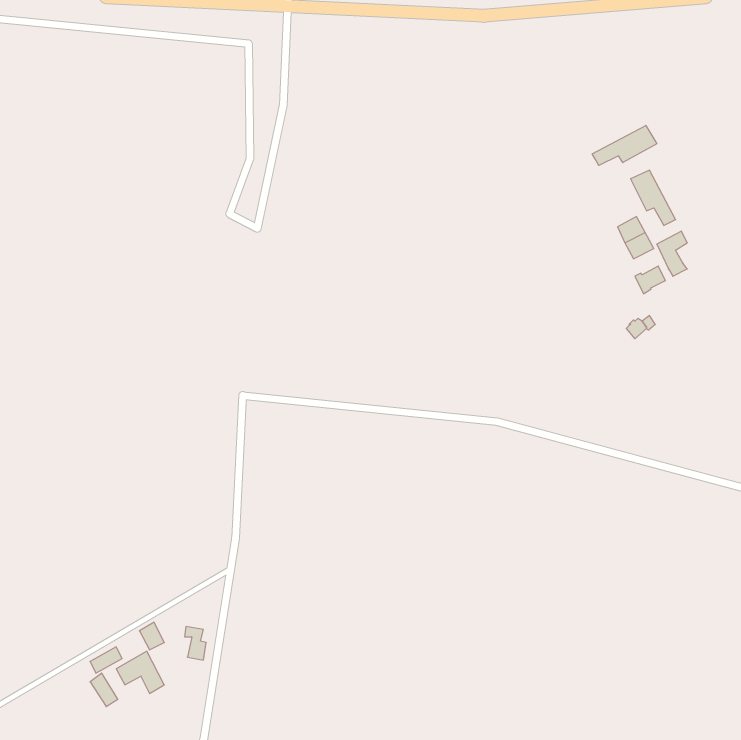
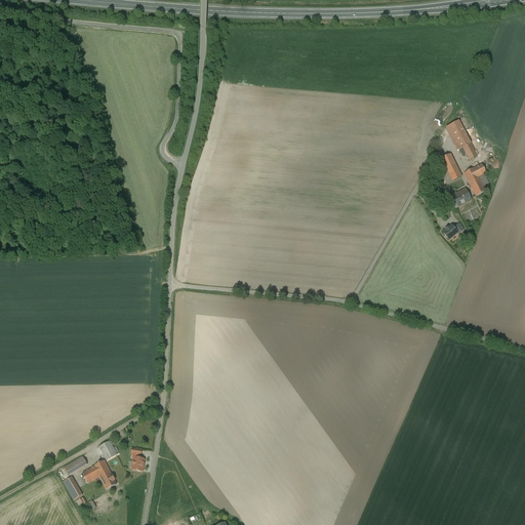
building: [592,125,657,165] -> none

